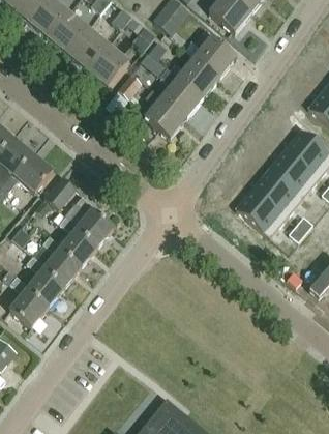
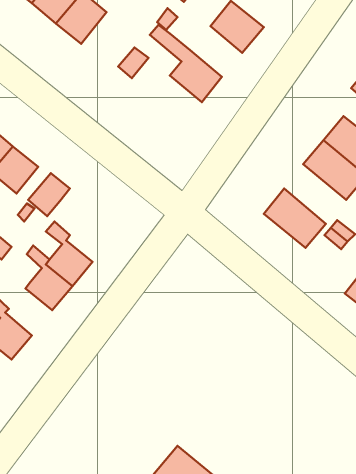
building: [88,45,129,87] -> none
building: [177,56,219,97] -> none
building: [144,89,186,139] -> none
building: [253,169,304,218] -> none
building: [76,196,114,249] -> none
building: [26,256,64,309] -> none

